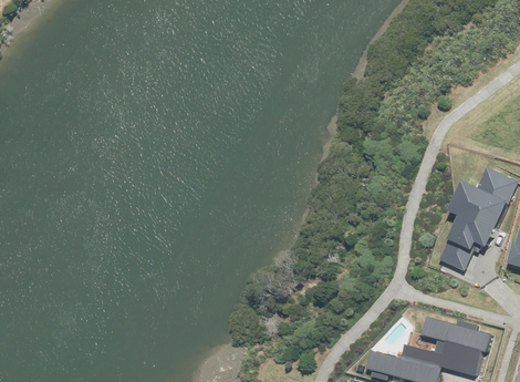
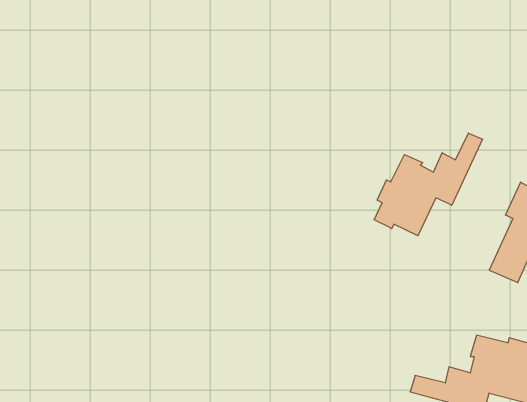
building: none -> [374,133,483,236]

